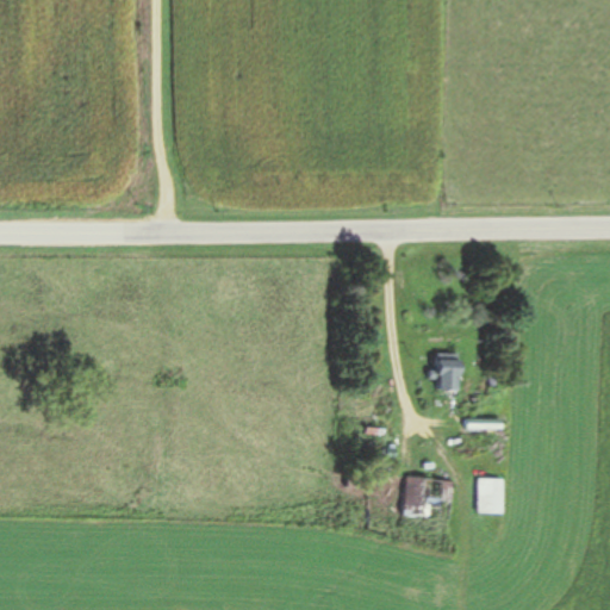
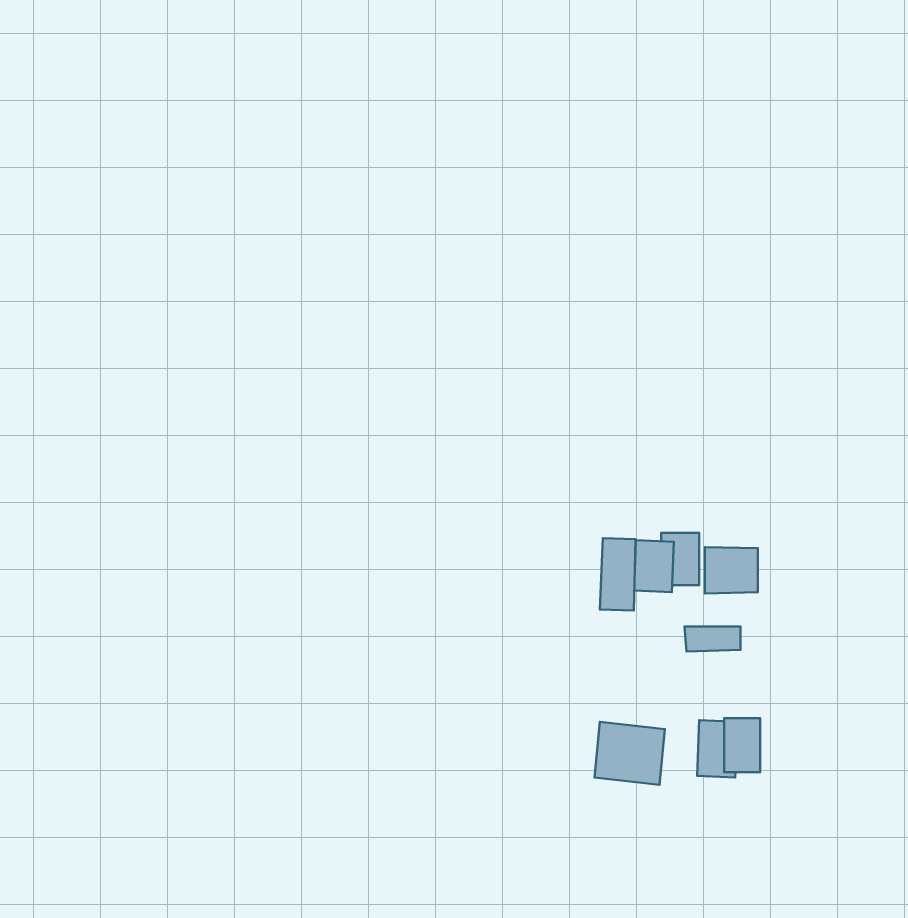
building: none -> [600,538,635,611]
building: none -> [705,547,758,593]

